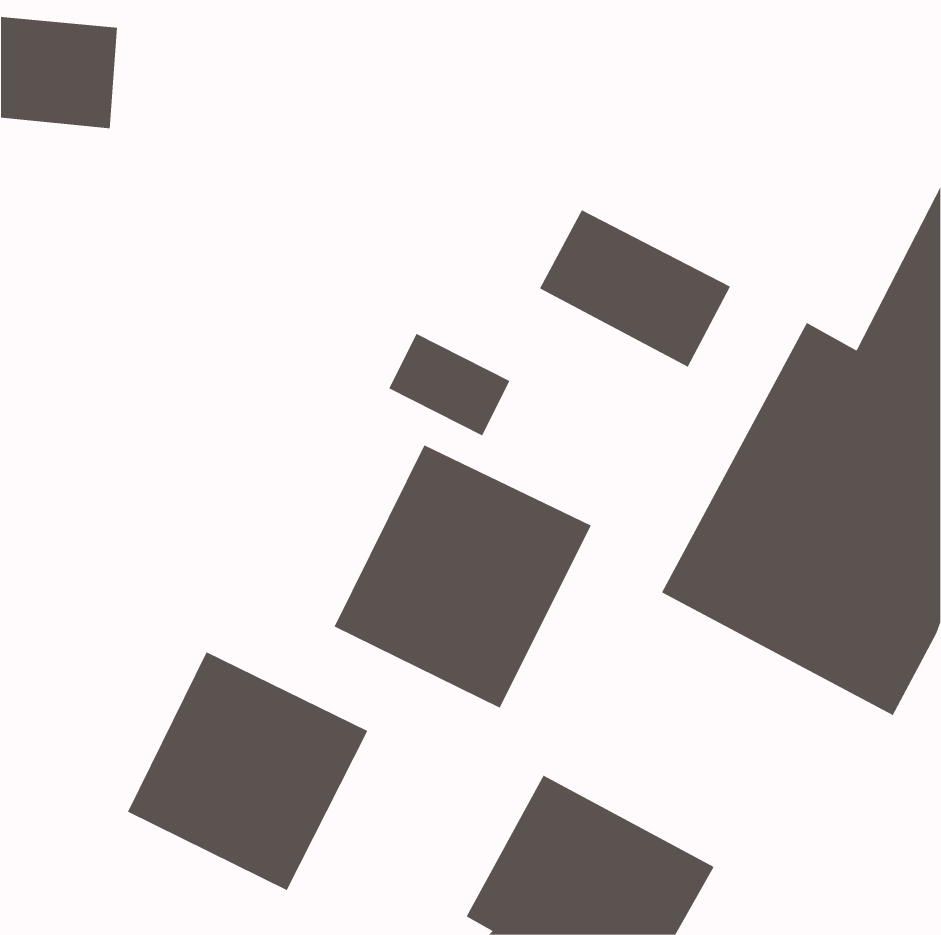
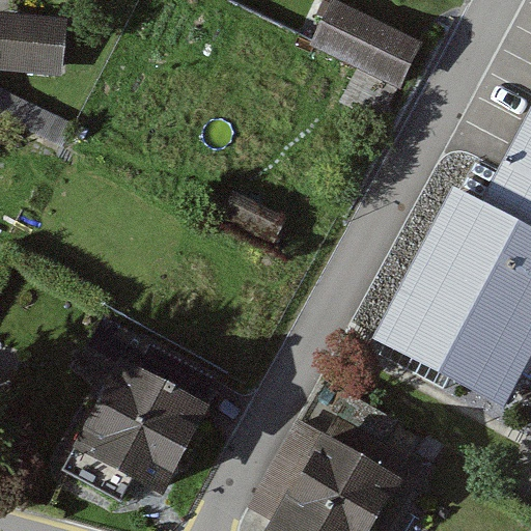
building: [539,209,731,368] -> [316,4,424,93]
building: [334,445,591,709] -> none

